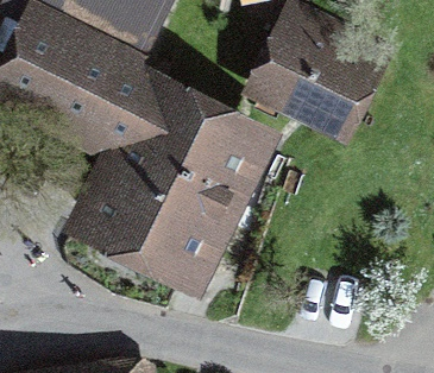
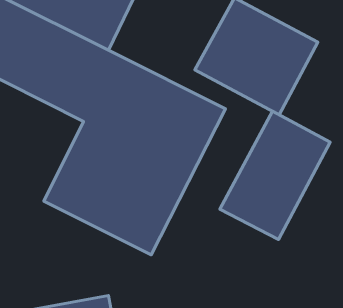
building: none -> [220,111,330,239]

